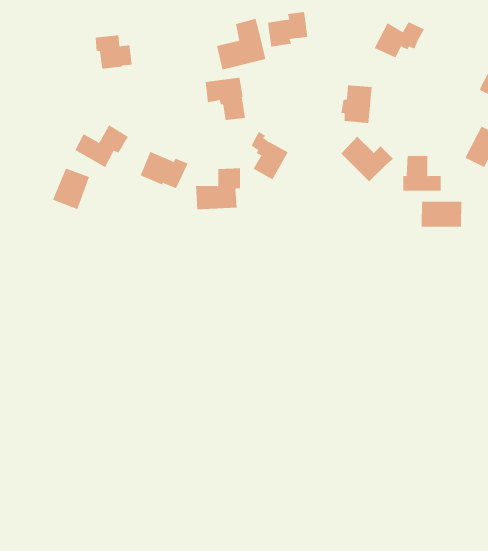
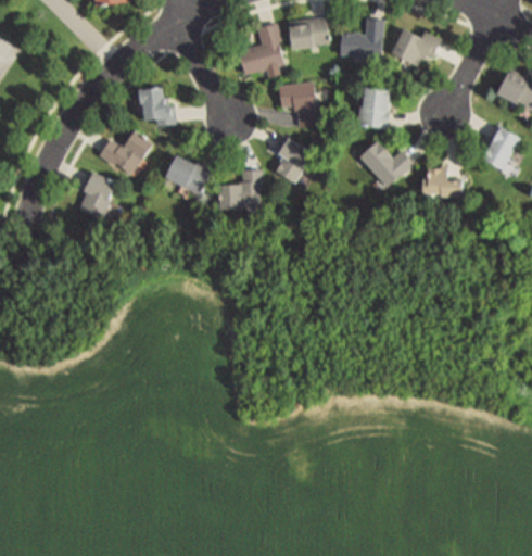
building: none -> [339,16,384,55]
building: [95,35,132,69] -> [138,88,175,122]
building: [205,77,246,121] -> [278,84,318,126]
building: [421,201,462,227] -> none

